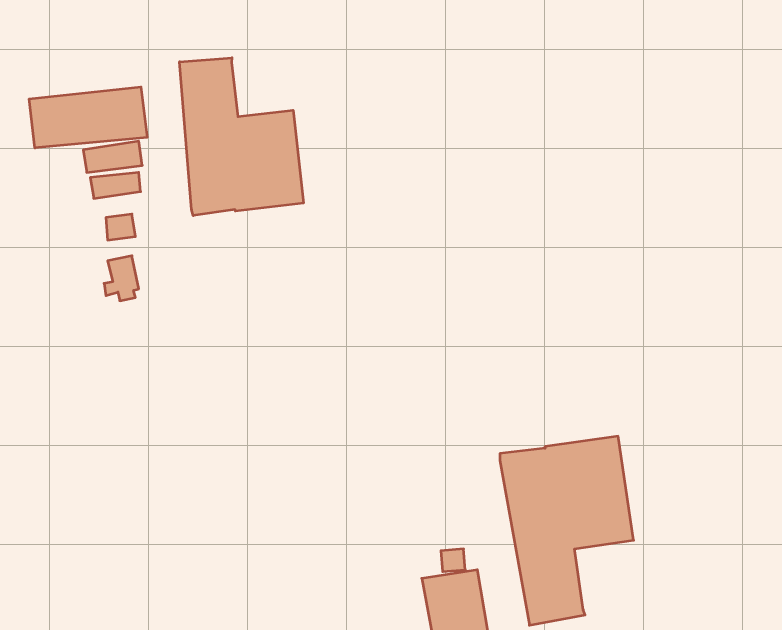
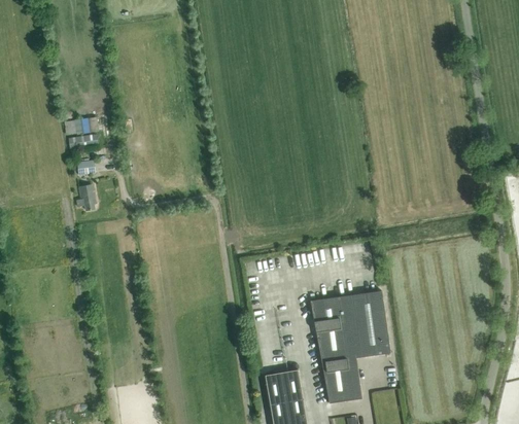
building: [180,58,303,216] -> none
building: [29,87,147,148] -> none

